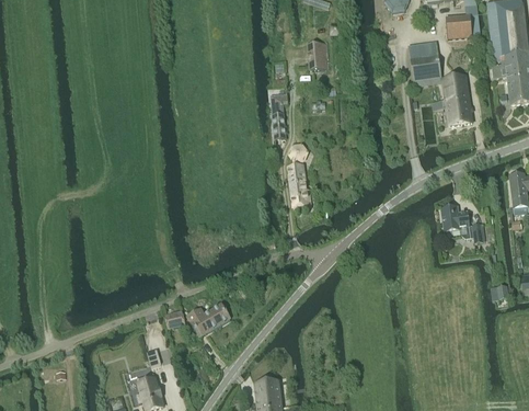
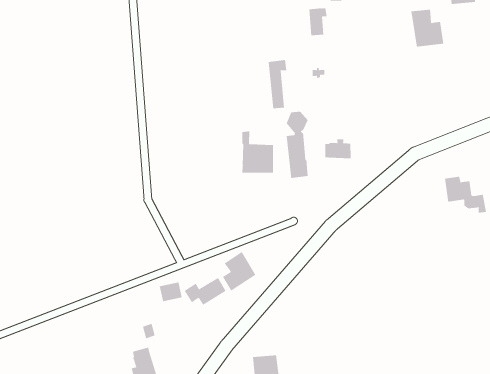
building: [433,76,472,125] -> none
building: none -> [242,131,274,173]
building: none -> [325,139,351,159]
building: none -> [222,251,256,291]

